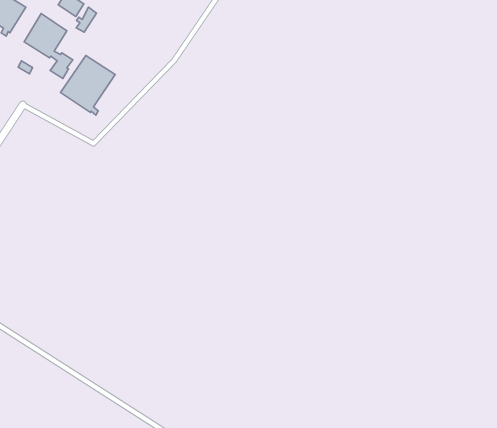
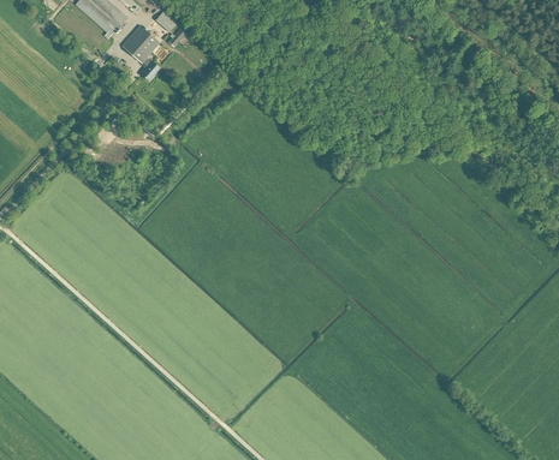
building: [60,56,115,115] -> none

